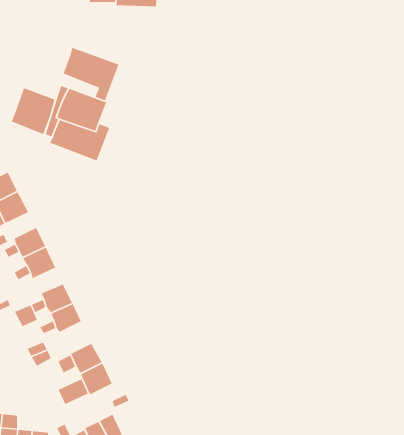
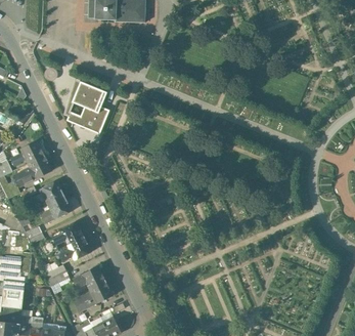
building: [63,47,120,101] -> none
building: [11,87,56,135] -> none

